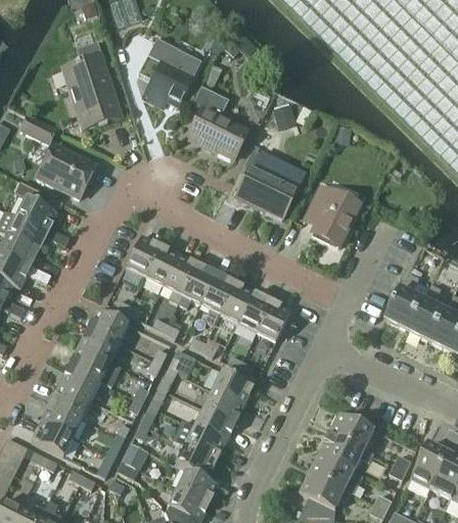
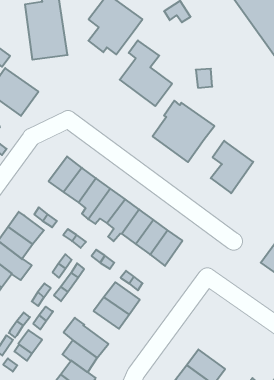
building: [193,409,235,443] -> none
building: [331,412,376,449] -> none

